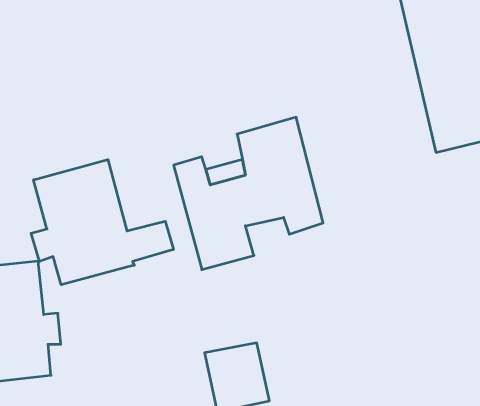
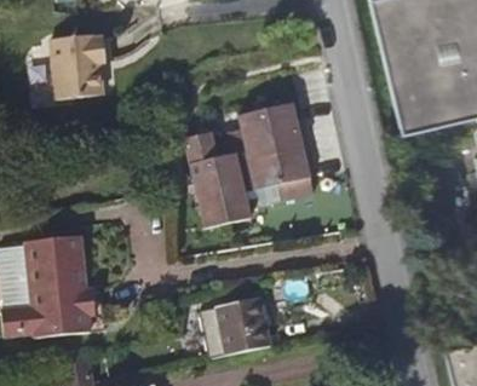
building: none -> [46,36,102,100]
building: [31,160,173,285] -> none

